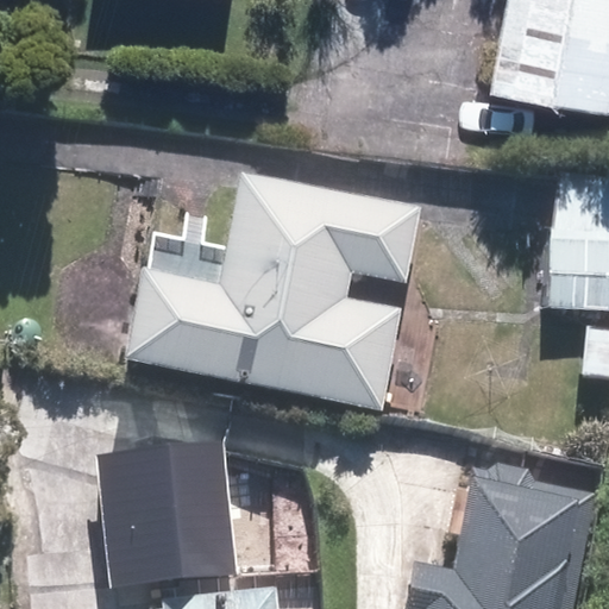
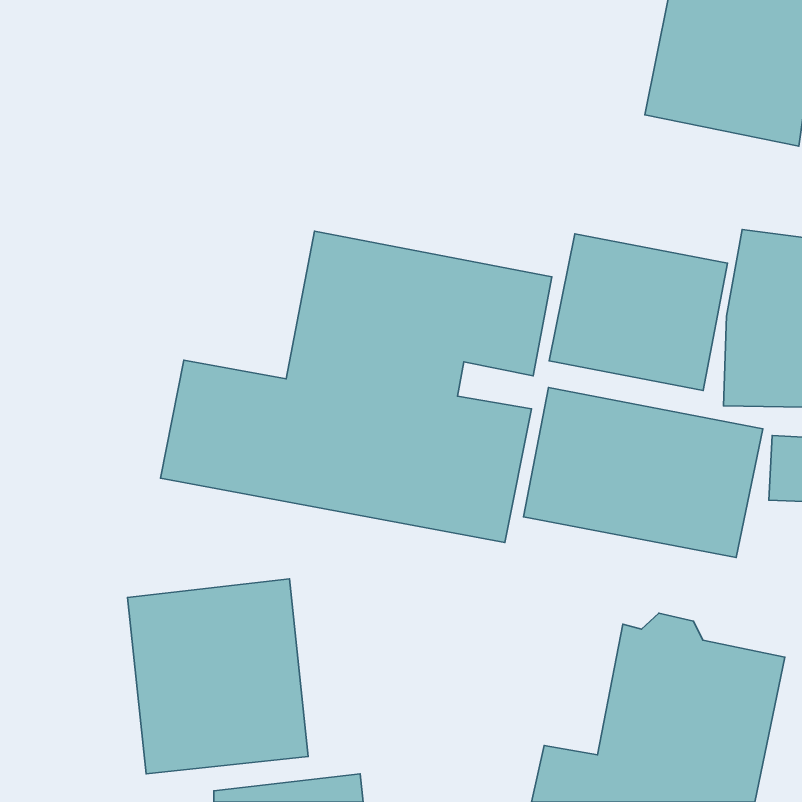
building: none -> [549,234,728,390]
building: none -> [524,388,763,558]

